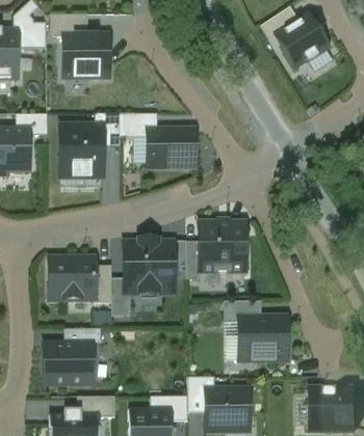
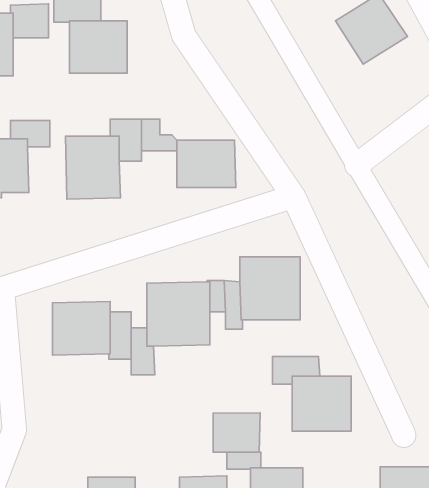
building: [42,336,98,384] -> none
building: none -> [213,413,260,452]

